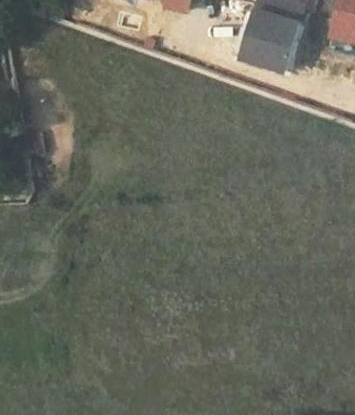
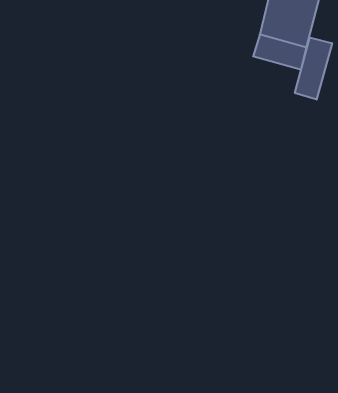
building: none -> [295,38,332,100]

